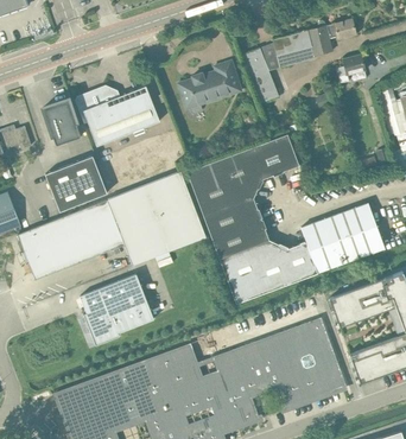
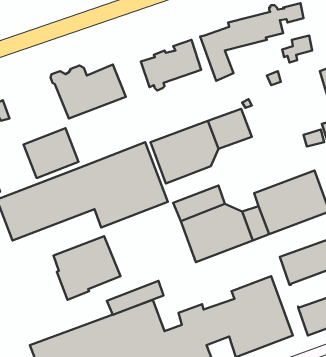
building: [43,98,80,144] -> none
building: [203,197,261,237] -> none
building: none -> [107,281,164,315]

